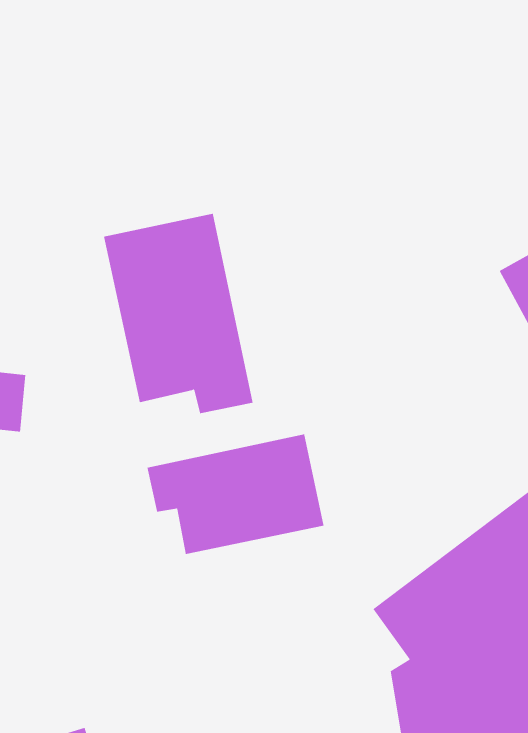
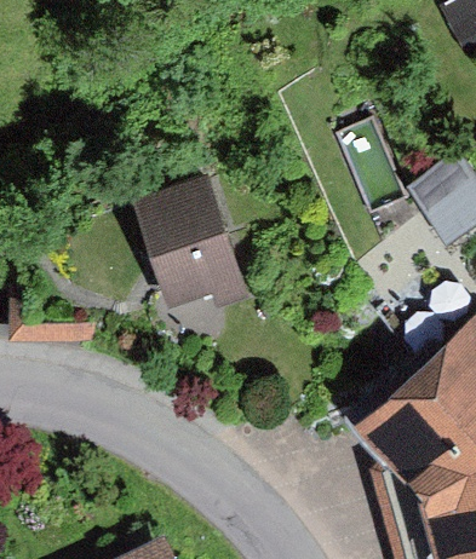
building: [147,434,324,555] -> none

